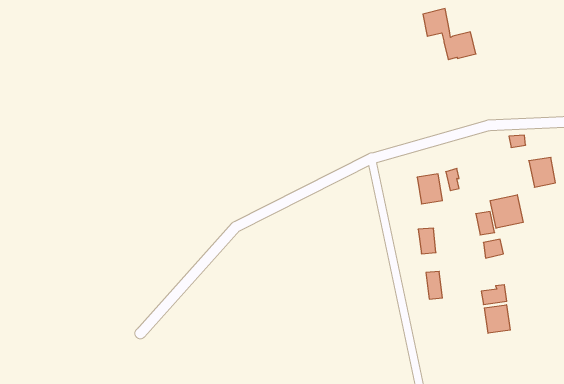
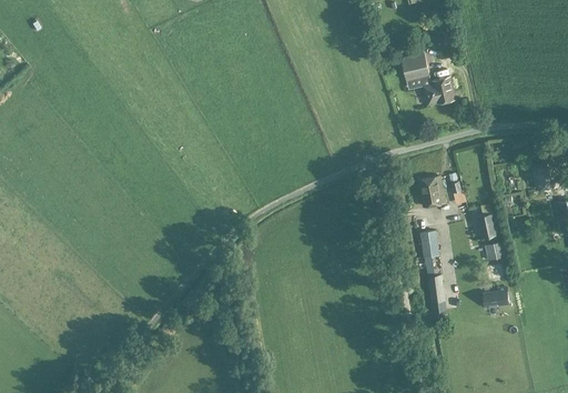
building: [423,9,476,60] -> [403,54,456,105]
building: [490,195,523,228] -> none
building: [484,305,510,333] -> none

